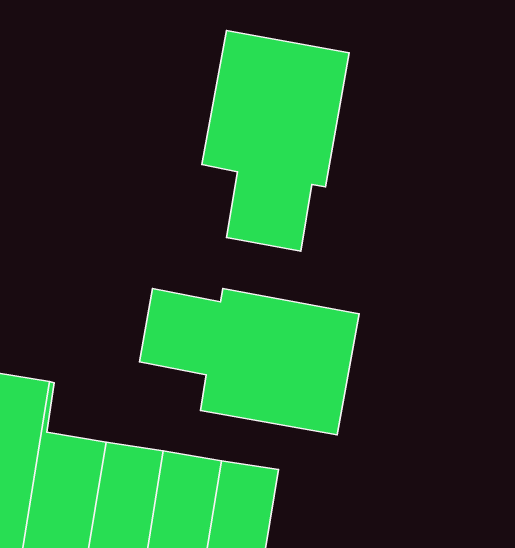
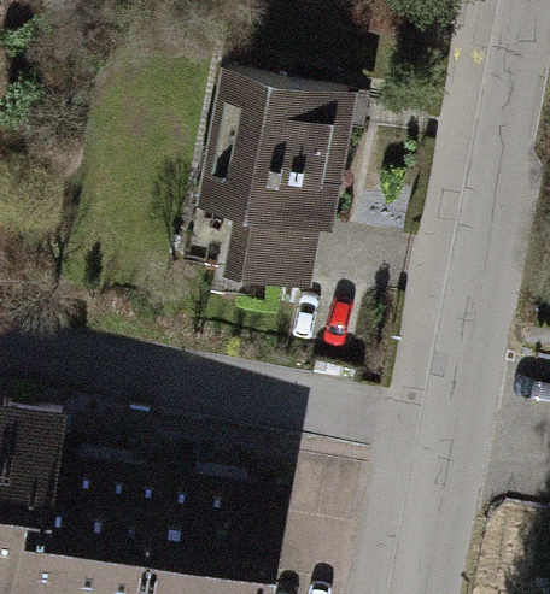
building: [139,288,359,435] -> none

